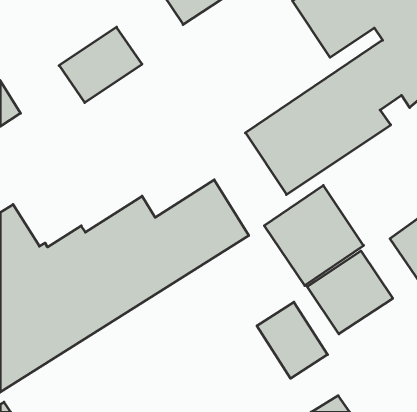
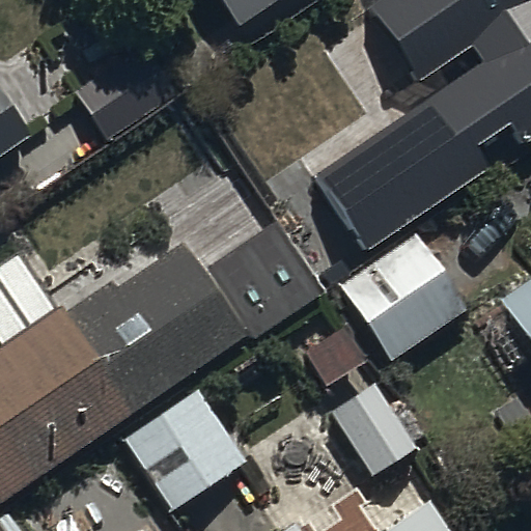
building: [307,251,393,334] -> none
building: none -> [120,387,247,514]

